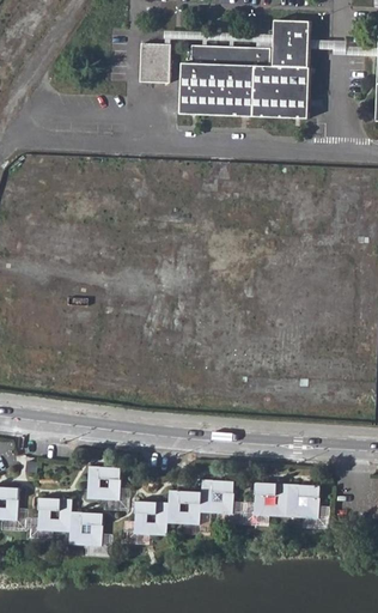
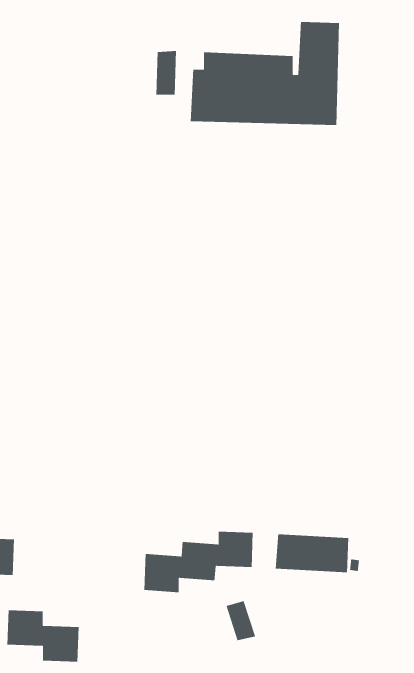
building: [85,466,120,500] -> none
building: [36,498,102,546] -> [6,609,79,662]
building: none -> [225,600,256,641]

